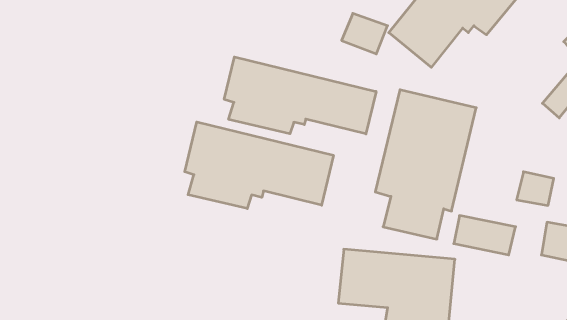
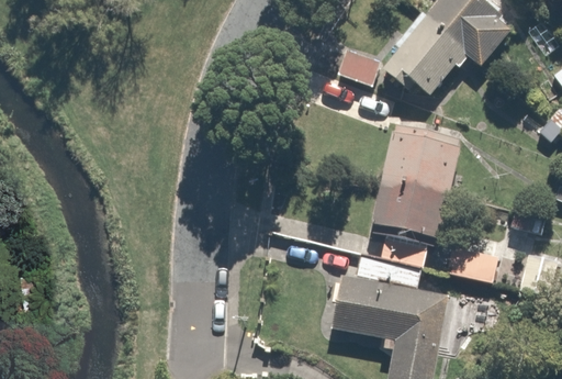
building: [224,57,376,134] -> none
building: [185,122,333,209] -> none

